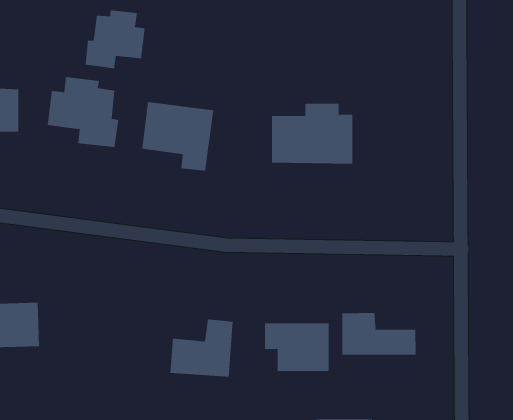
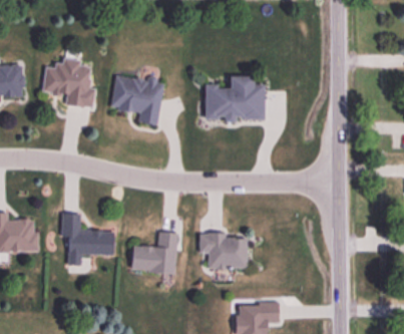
building: [85,9,145,69] -> none
building: none -> [62,215,114,265]
building: [342,312,416,355] -> none

